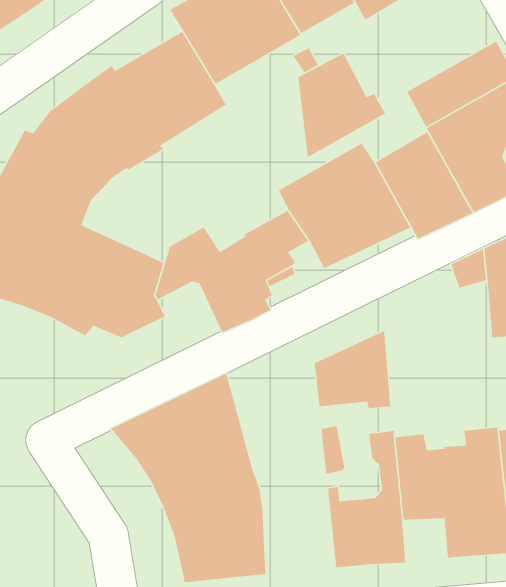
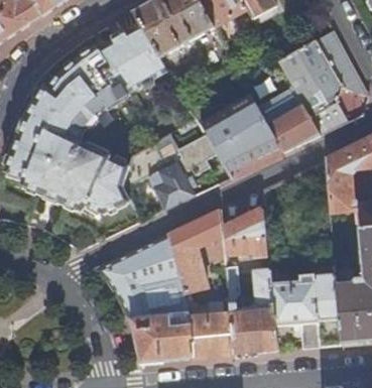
building: [298,52,386,158] -> none
building: none -> [168,208,225,292]
building: none -> [189,300,235,357]

